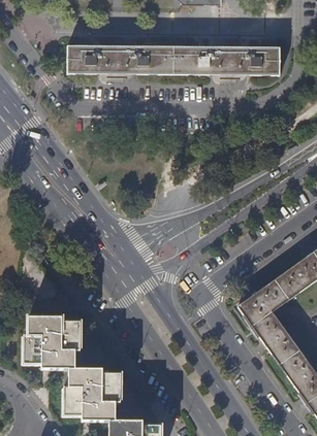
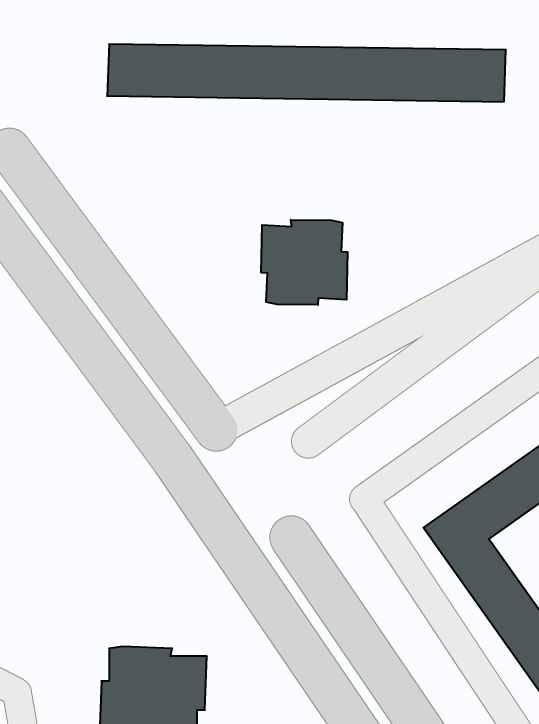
building: none -> [261,220,347,305]
building: [23,317,81,370] -> none

